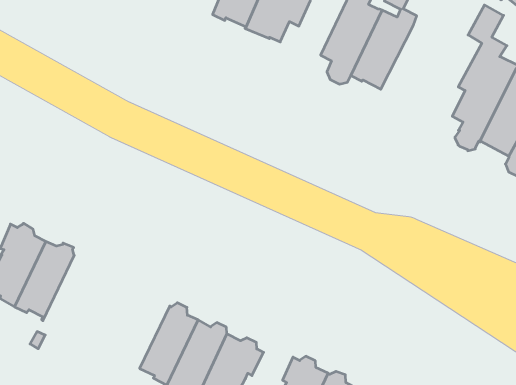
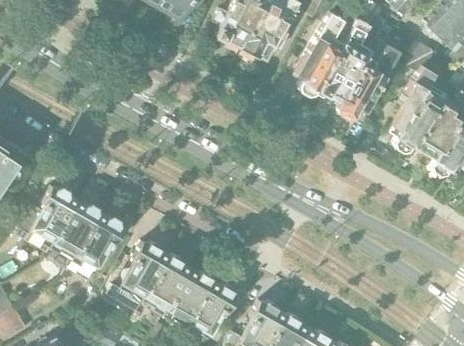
building: none -> [336,43,400,118]
building: none -> [71,213,124,271]
building: none -> [119,242,168,304]

